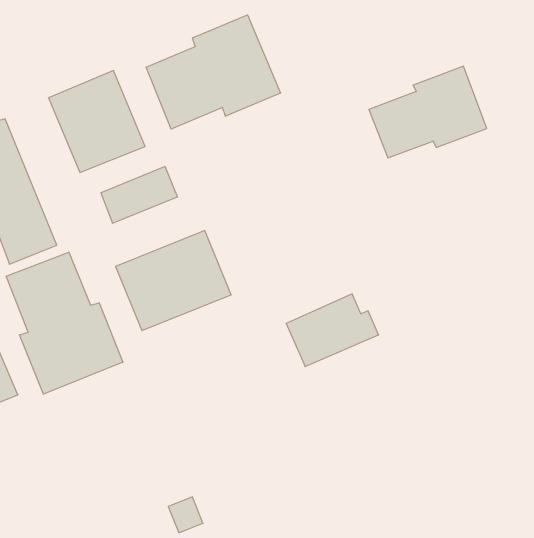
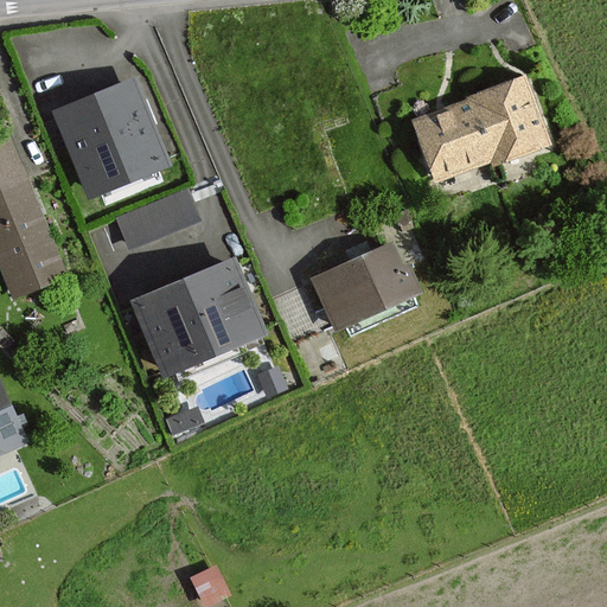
building: [146,15,280,129] -> none
building: [6,252,123,394] -> none
building: [286,294,379,367] -> [314,245,418,327]

